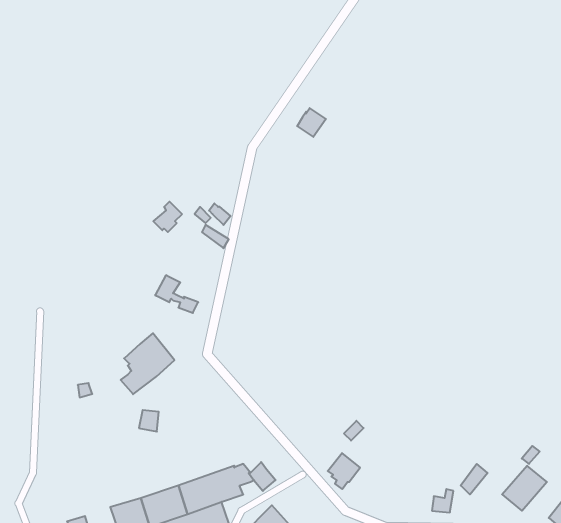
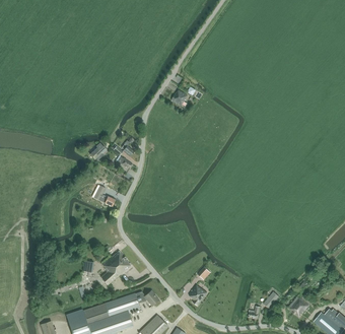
building: [121,333,174,394] -> [100,250,131,284]

